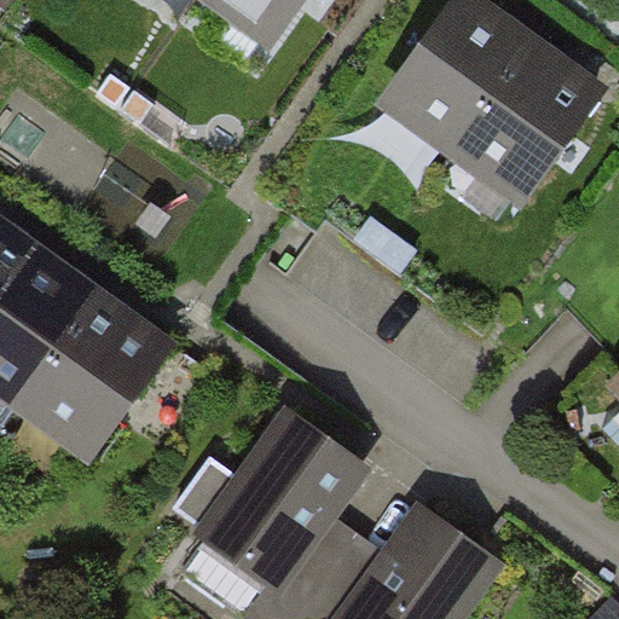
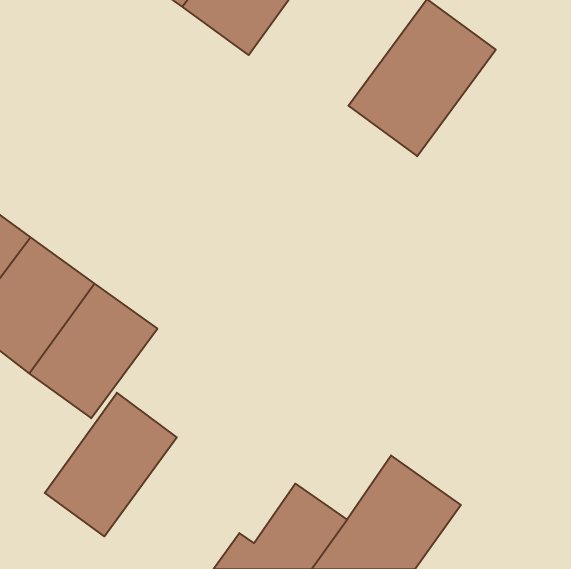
building: [449,53,603,219] -> none
building: [190,394,365,584] -> none
building: none -> [45,393,177,536]

